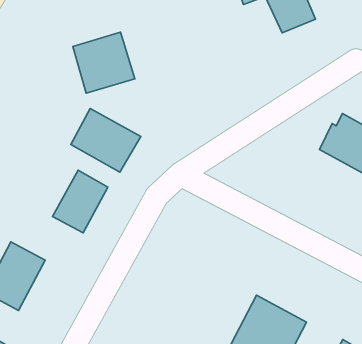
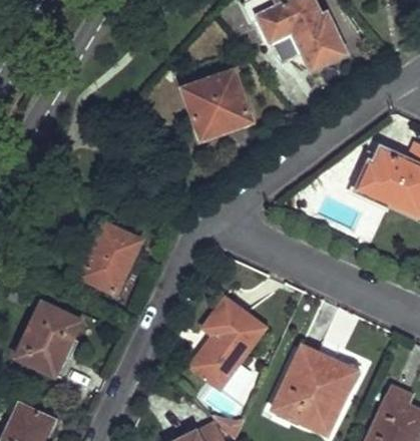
building: [73,32,135,93] -> [184,71,252,137]
building: [71,109,141,172] -> none
building: none -> [191,298,264,385]

